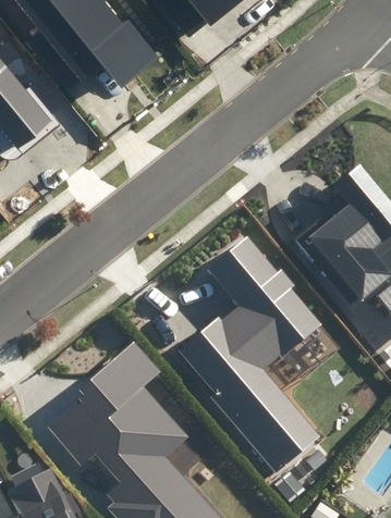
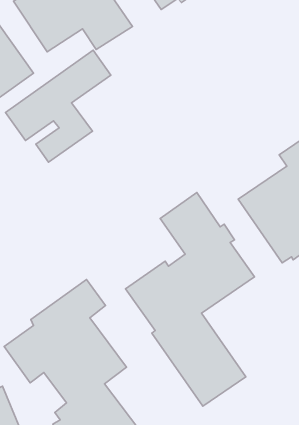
building: none -> [5,50,111,162]

